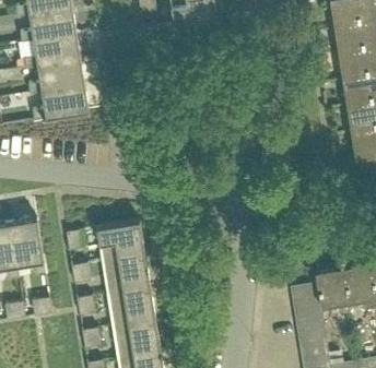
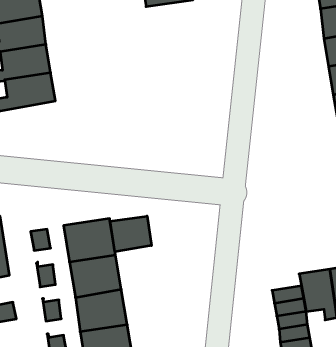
building: none -> [110,216,151,252]

